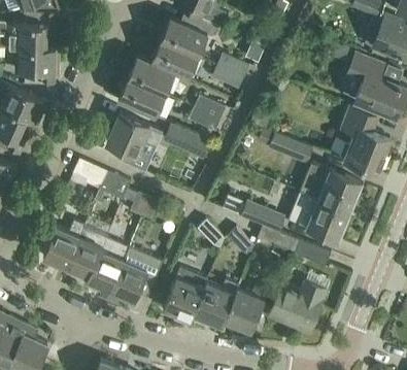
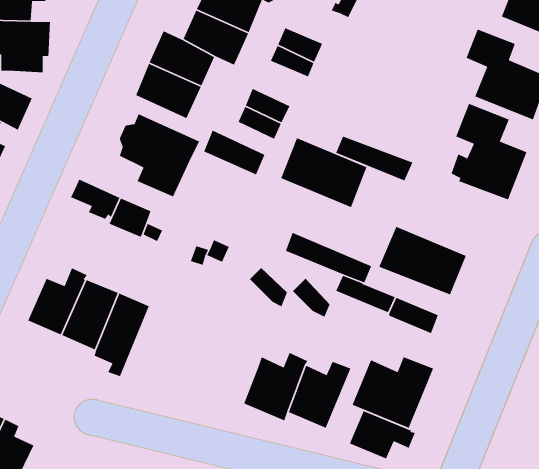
building: [300,162,361,211] -> [280,137,368,208]
building: [108,246,160,300] -> none
building: [163,267,204,321] -> none
building: none -> [349,410,416,459]

